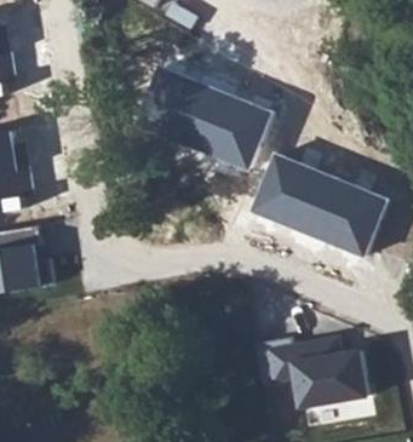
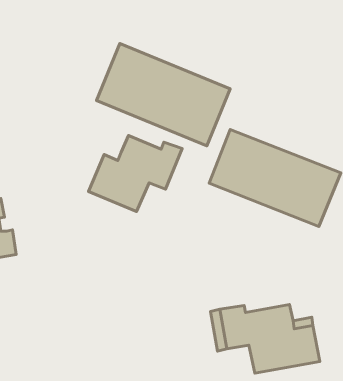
building: none -> [88,135,182,211]

